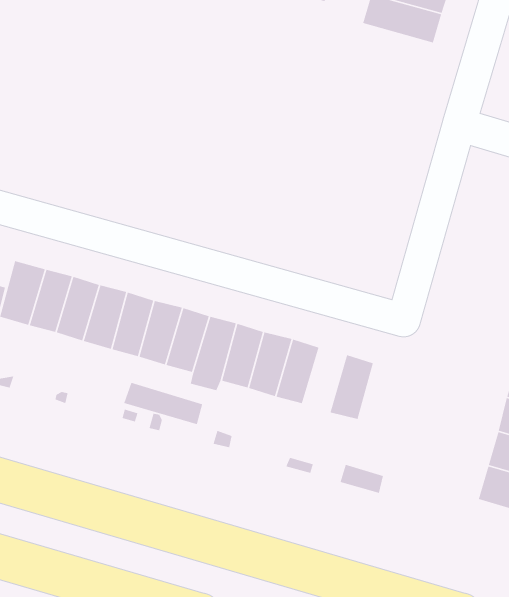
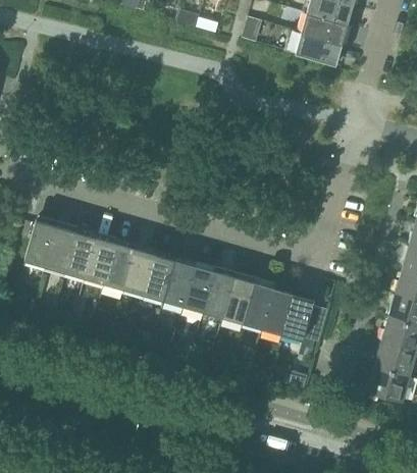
building: none -> [242,283,273,330]
building: none -> [281,295,328,343]
building: [123,382,203,425] -> none

